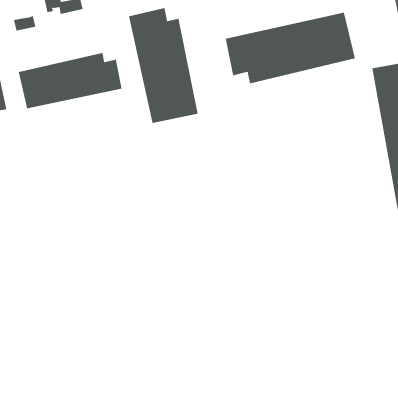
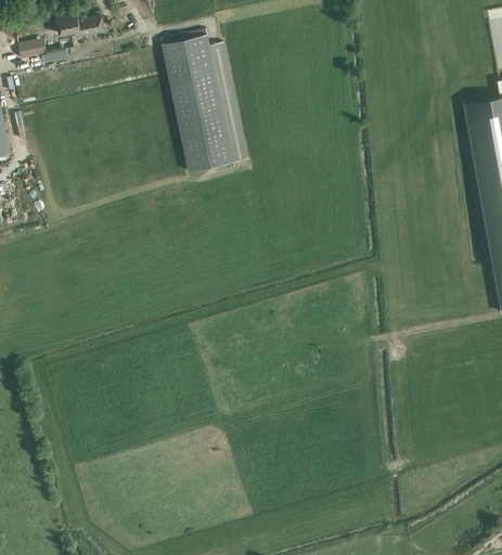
building: [225,12,355,84] -> none
building: [18,52,122,109] -> none

